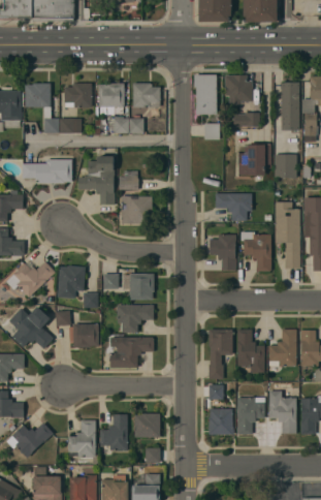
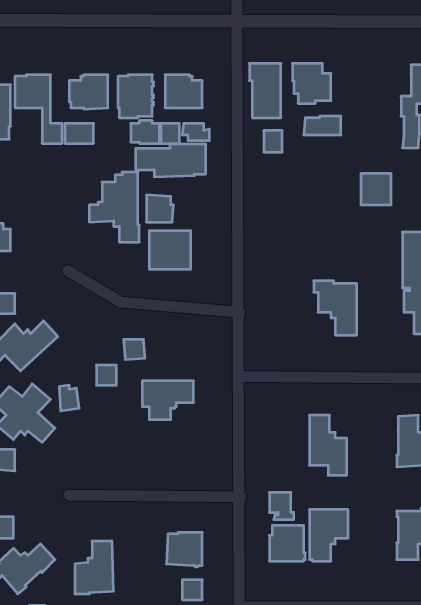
building: [281,82,299,130] -> none
building: [238,144,271,175] -> none
building: [22,159,72,183] -> [136,144,206,177]
building: [216,192,252,220] -> none
building: [275,201,300,268] -> none
building: [210,233,236,270] -> none
building: [58,264,86,298] -> none
building: [123,273,154,299] -> none
building: [73,323,99,347] -> none
building: [208,329,234,378] -> none
building: [268,329,297,366] -> none
building: [109,336,154,367] -> none
building: [268,390,297,433] -> none
building: [100,413,127,449] -> none

